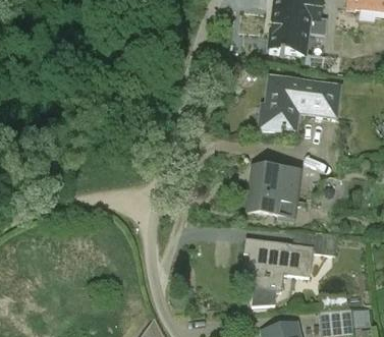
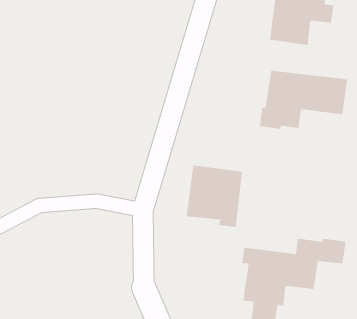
building: [248,164,299,221] -> [186,165,243,228]

